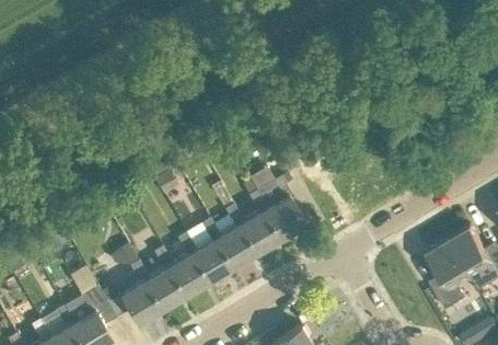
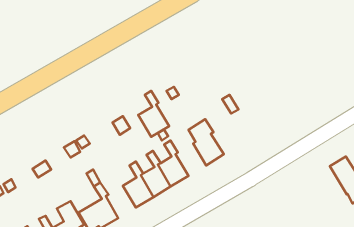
building: [240,191,281,253] -> [138,91,169,137]
building: [427,240,472,311] -> none
building: [146,248,186,310] -> none

